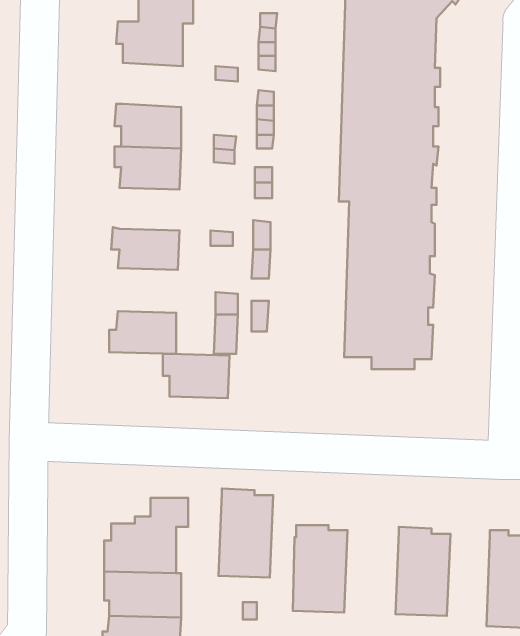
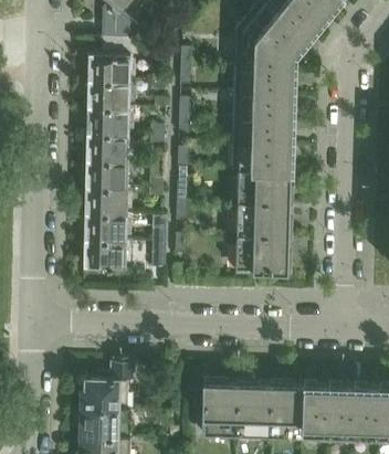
building: none -> [88,82,132,110]
building: none -> [86,161,129,190]
building: [163,354,230,398] -> [85,214,128,243]
building: [218,488,273,577] -> [235,380,271,437]
building: none -> [302,382,329,445]

